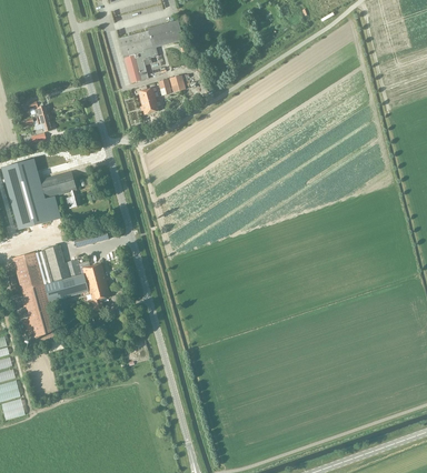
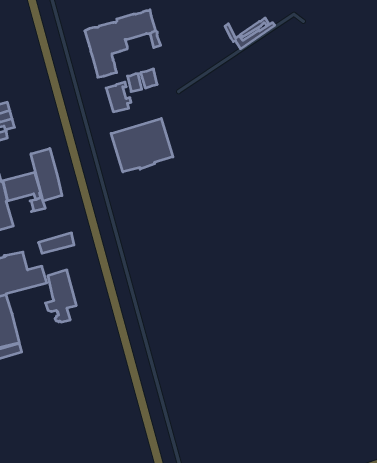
building: none -> [111,118,173,172]
building: none -> [31,148,62,201]
building: [44,274,89,301] -> none

